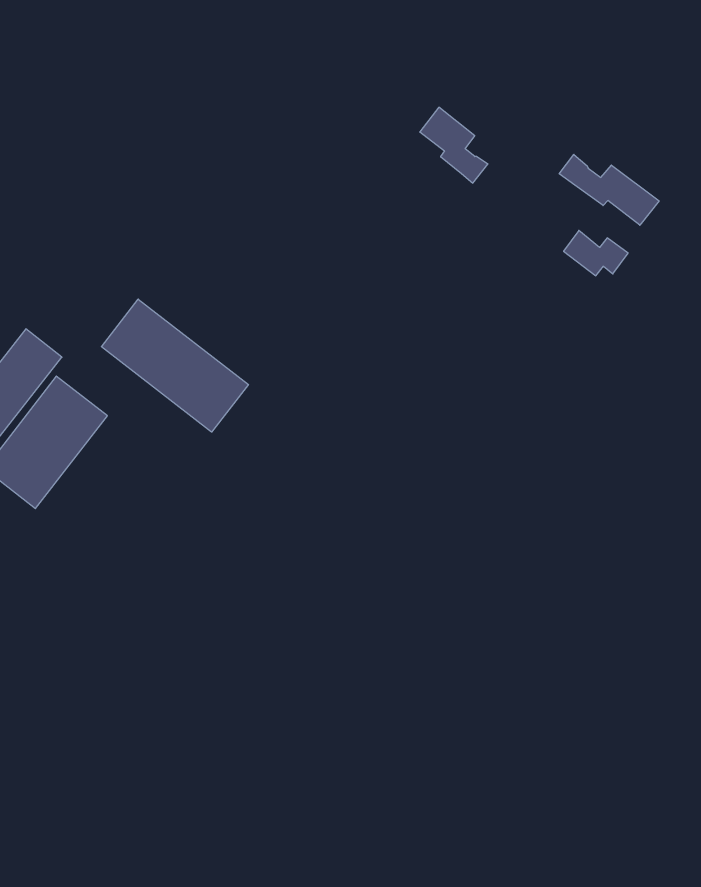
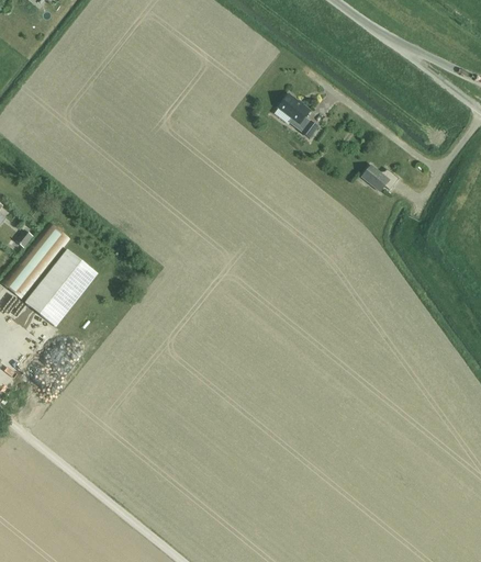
building: [559,154,659,225] -> none
building: [101,299,248,432] -> none

